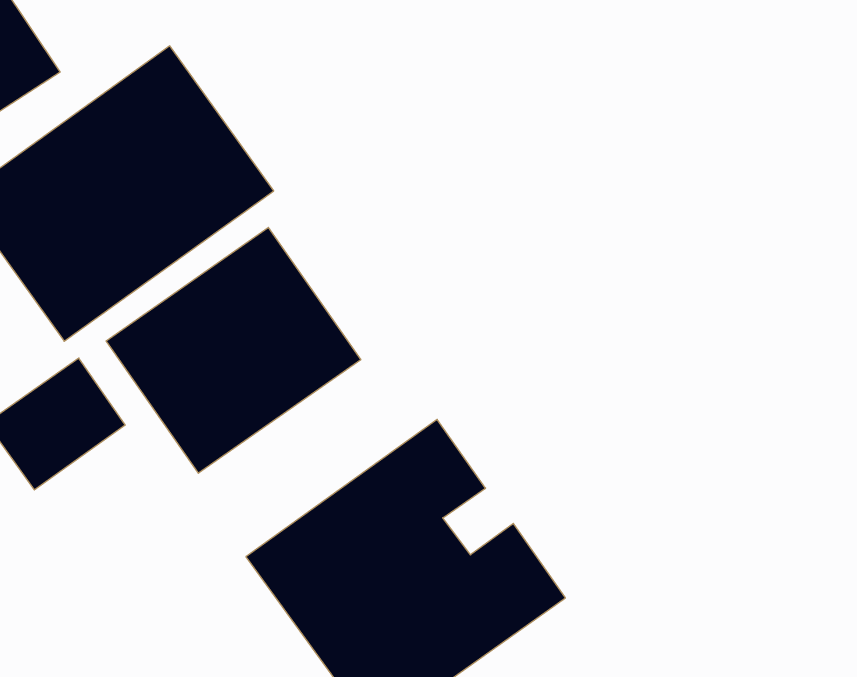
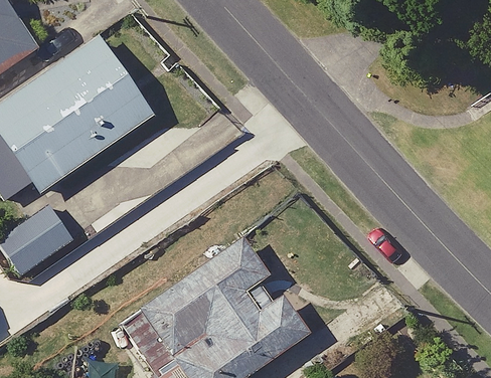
building: [106,227,361,473] -> none

